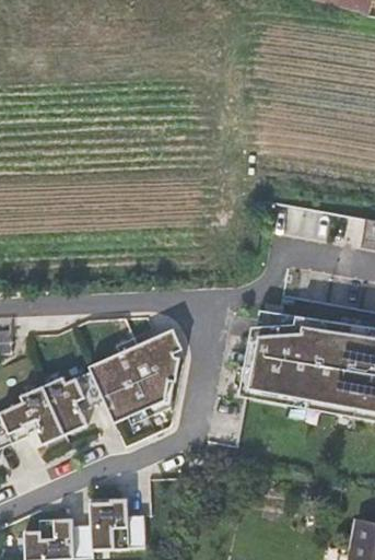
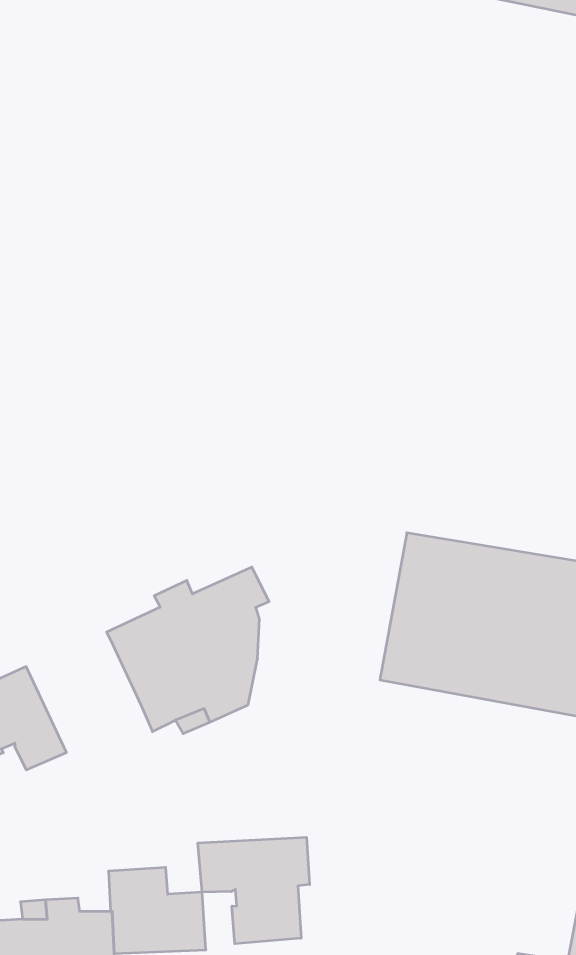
building: [43,370,108,434] -> none
building: none -> [198,837,310,944]

